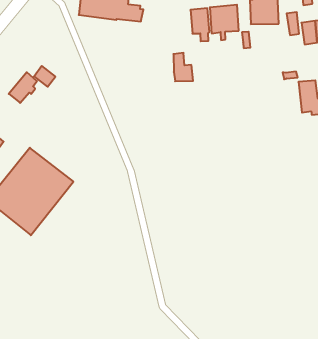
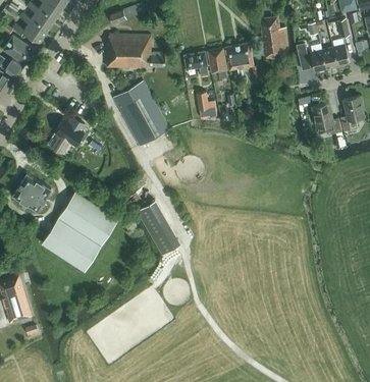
building: none -> [183,51,207,75]
building: none -> [112,80,170,145]
building: none -> [137,200,179,255]

